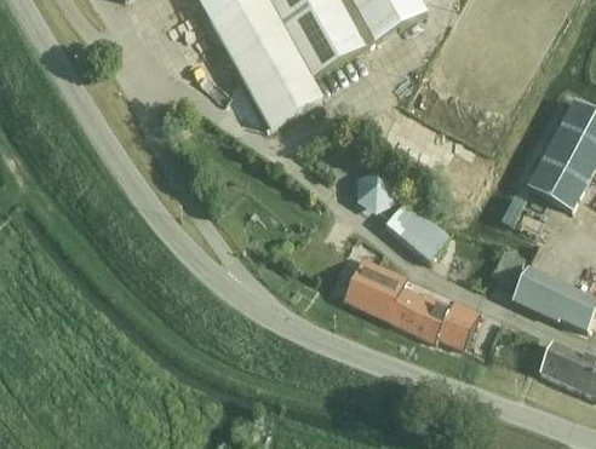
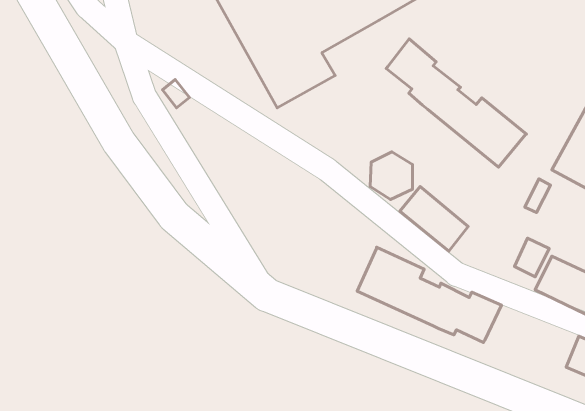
building: none -> [386,39,527,167]

